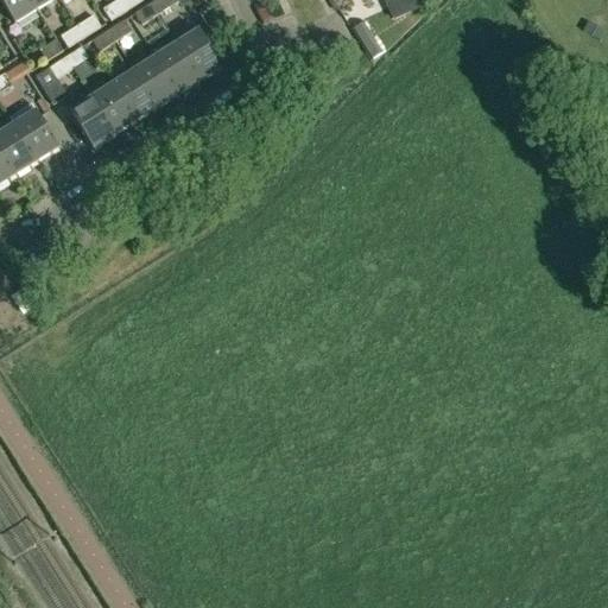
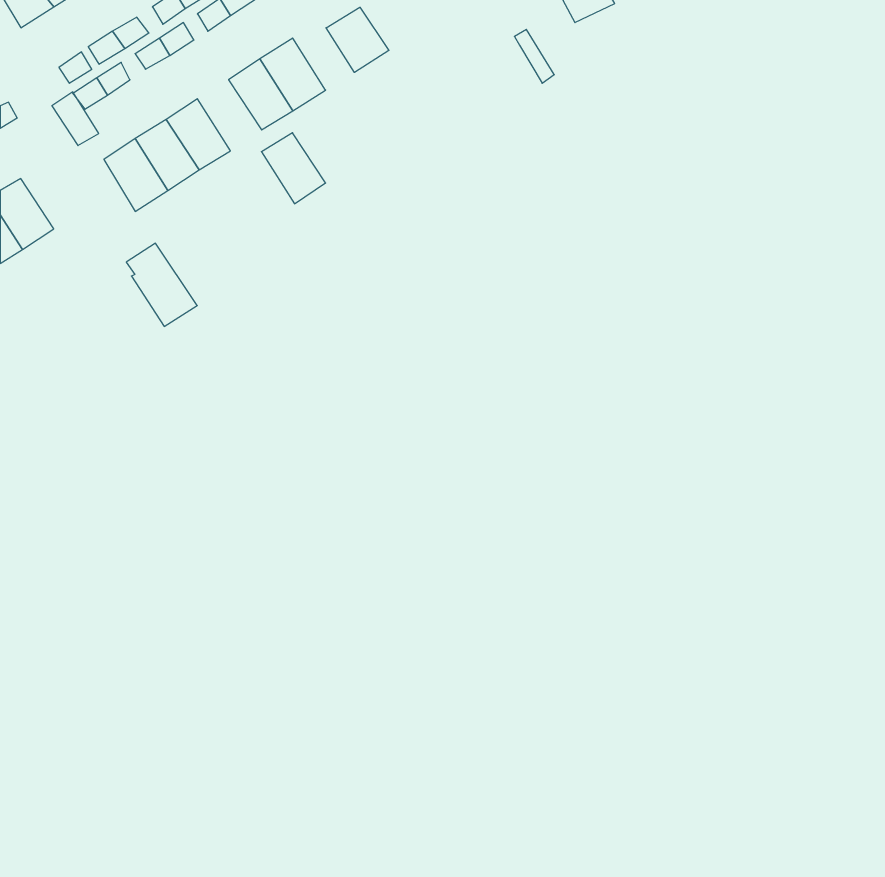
building: none -> [326,7,389,72]
building: [135,55,179,103] -> [261,133,326,204]
building: [11,100,59,157] -> [126,243,197,326]

